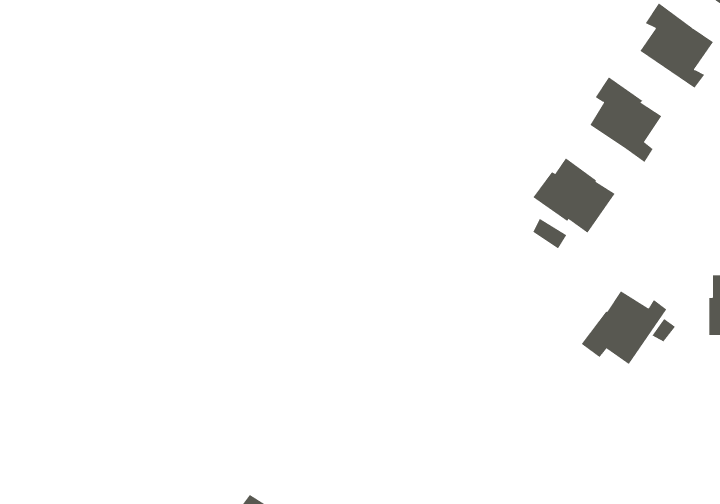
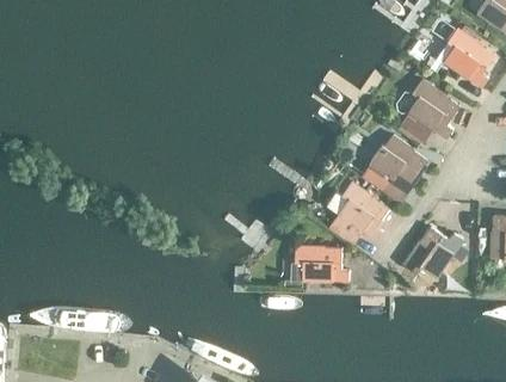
building: none -> [328,181,388,247]
building: none -> [294,246,348,282]

